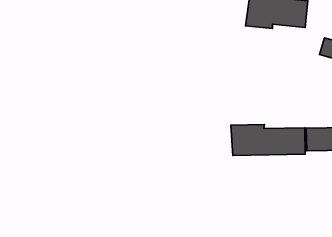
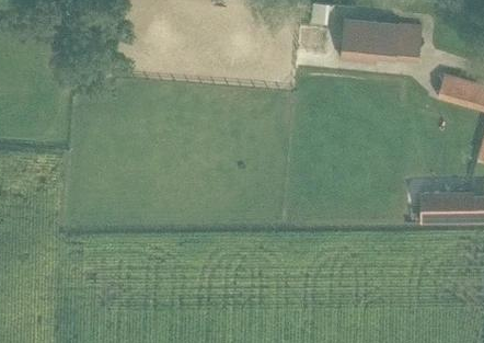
building: [231,125,305,156] -> none

